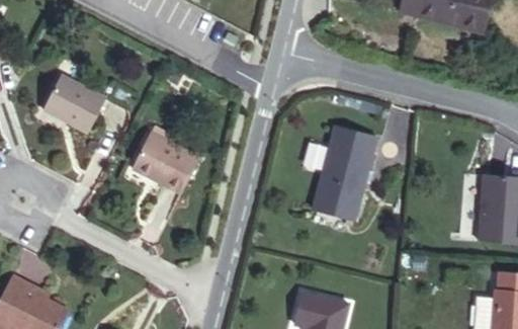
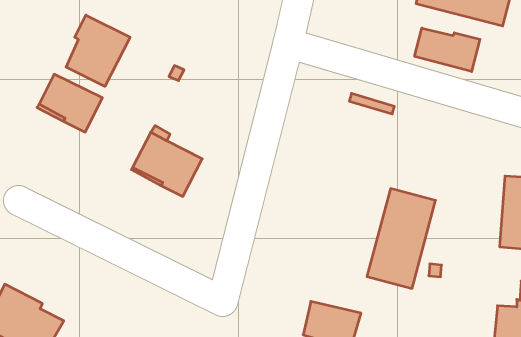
building: none -> [66,15,130,86]
building: none -> [415,28,480,72]
building: [313,127,377,221] -> [367,189,436,288]

